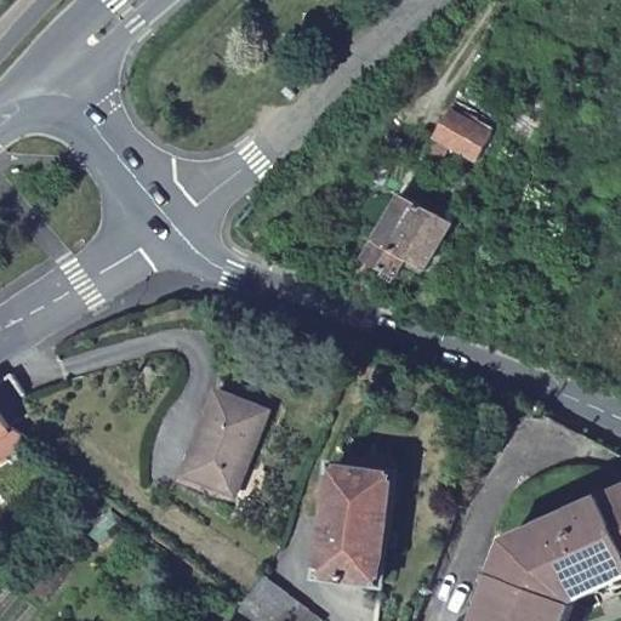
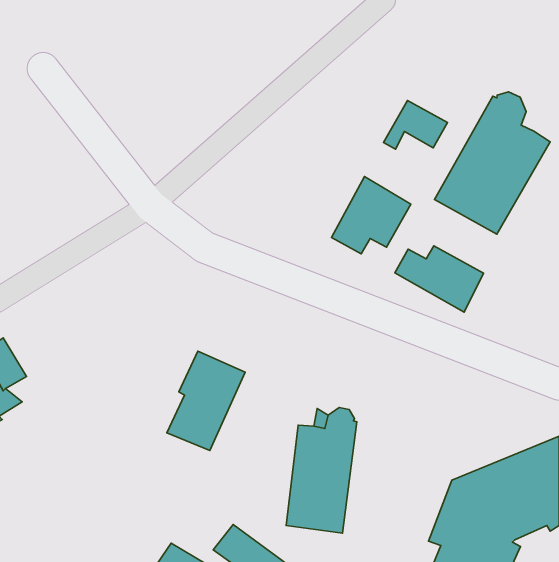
building: none -> [434,92,550,234]
building: none -> [395,246,484,312]

